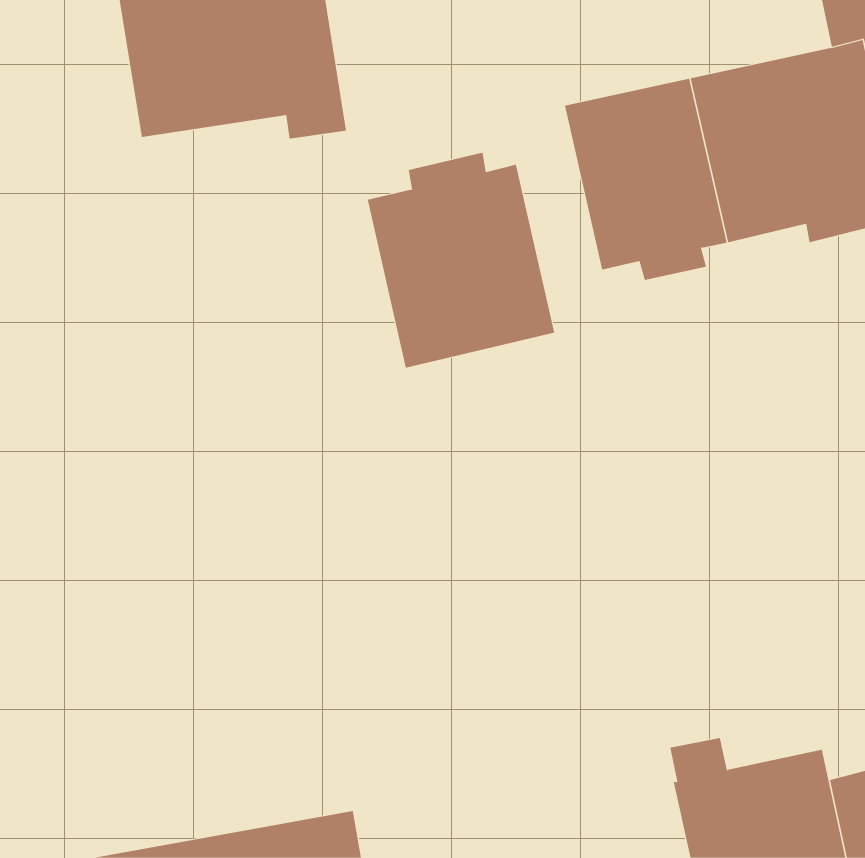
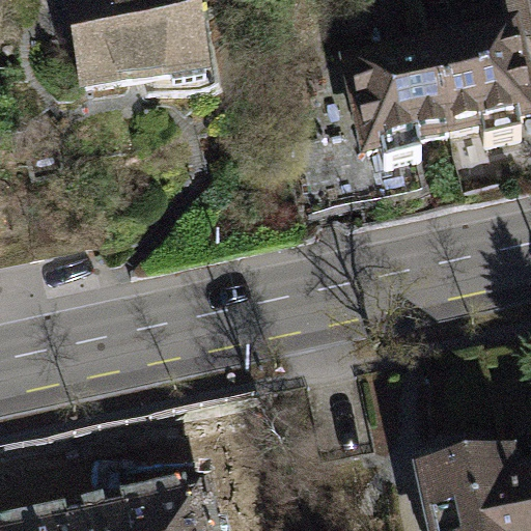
building: [367,152,555,368] -> none

